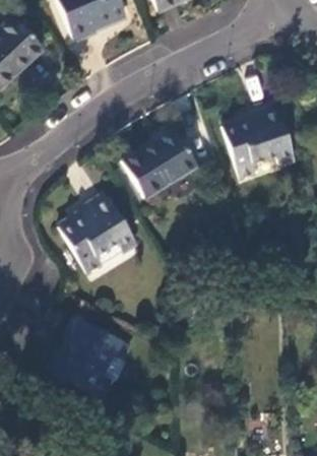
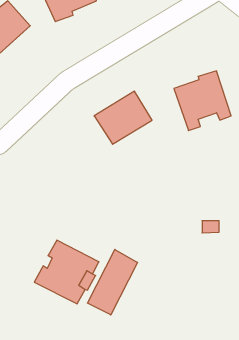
building: [61,194,138,273] -> none
building: none -> [87,249,138,315]

